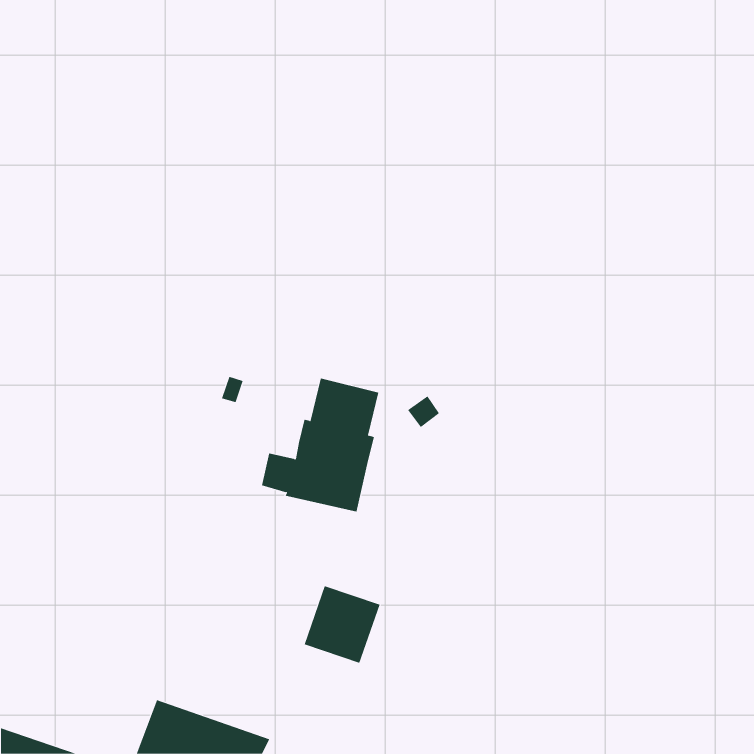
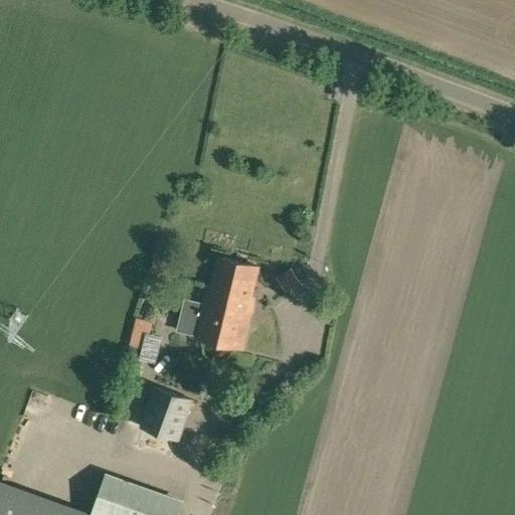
building: [304,585,380,664] -> [141,387,193,441]

